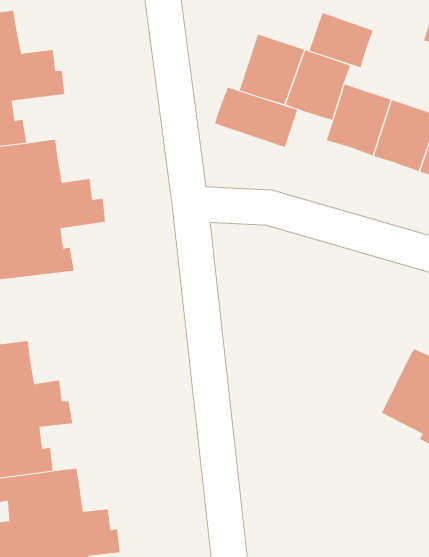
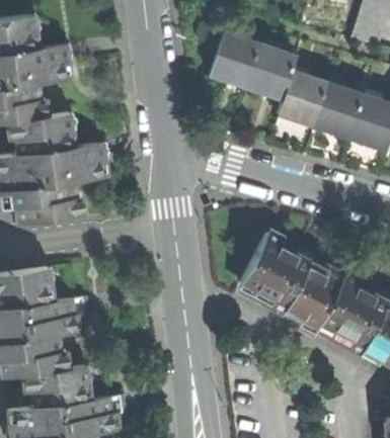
building: [309,12,373,68] -> none
building: [214,87,298,148] -> none
building: none -> [240,232,342,327]

